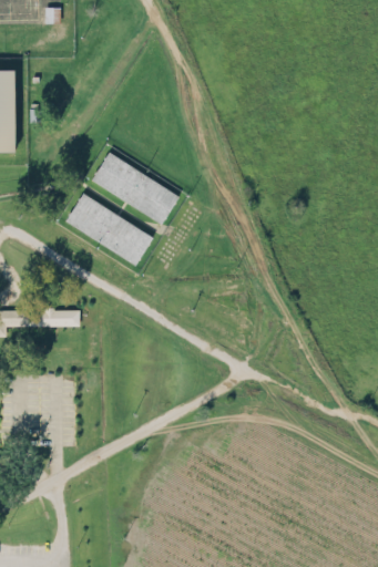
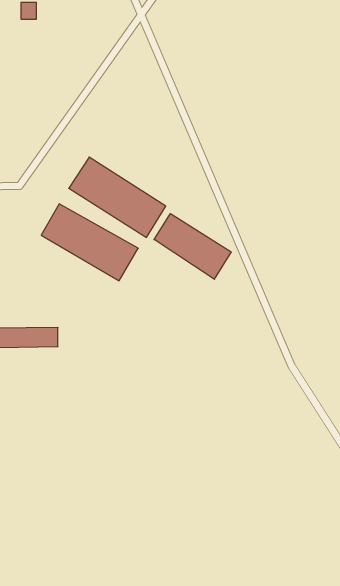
building: none -> [154,214,231,279]

